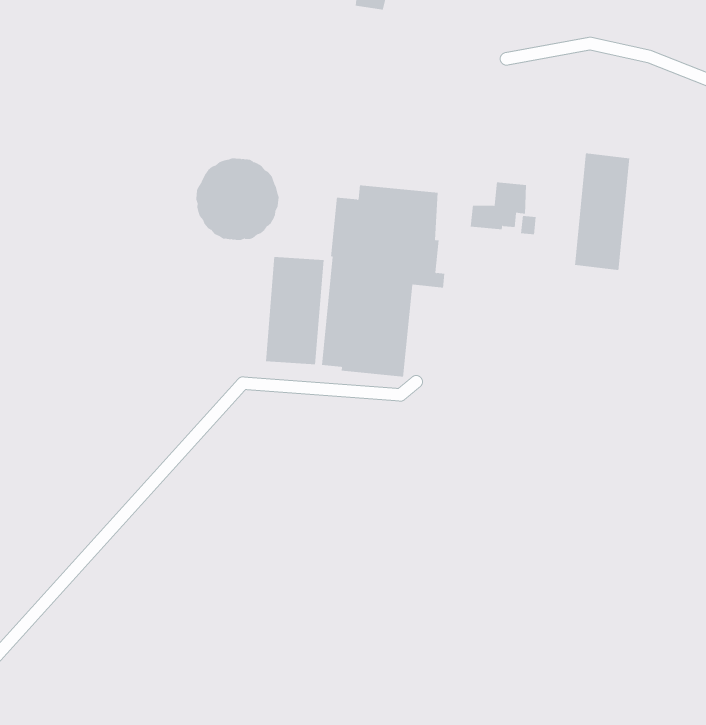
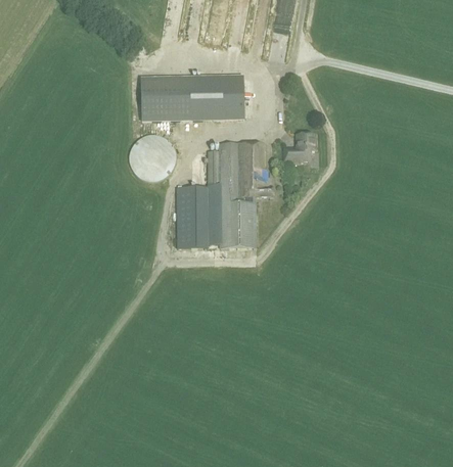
building: none -> [140,76,243,120]
building: [574,153,630,271] -> none

